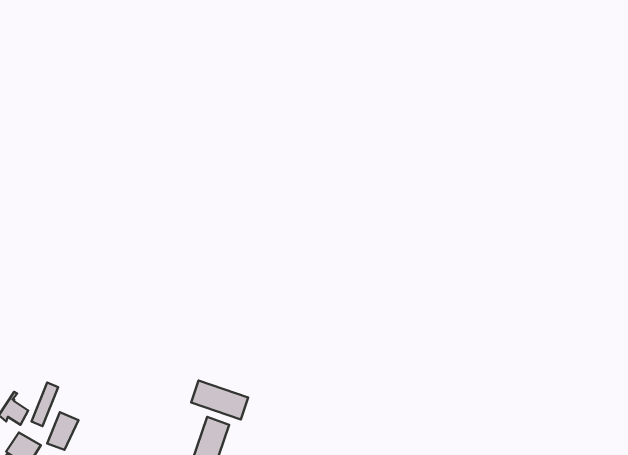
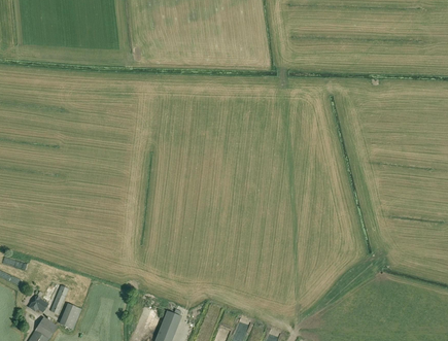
building: [191,380,248,419] -> none

